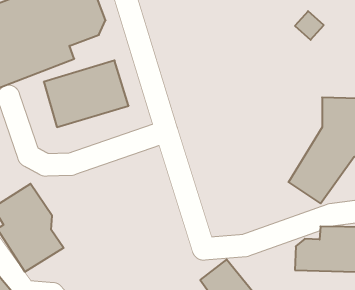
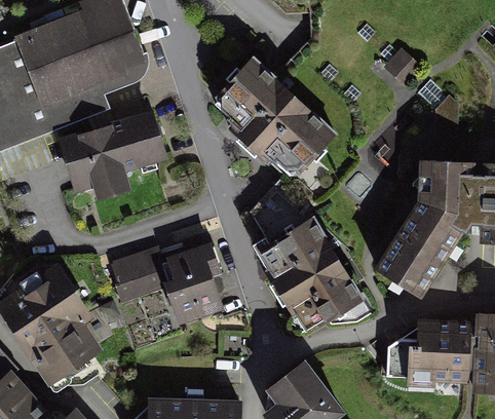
building: none -> [219,65,341,186]
building: none -> [249,183,359,328]
building: none -> [111,246,230,327]

